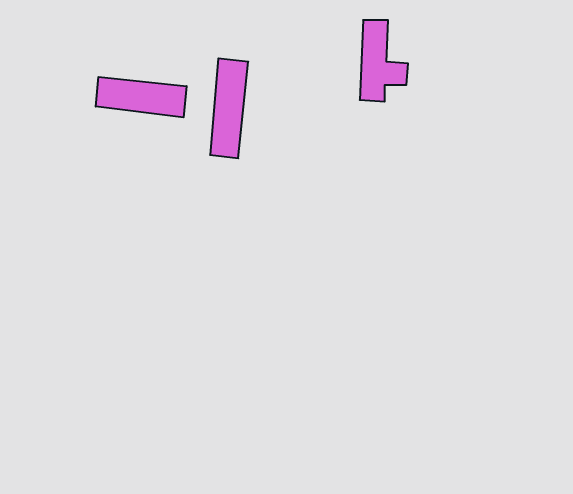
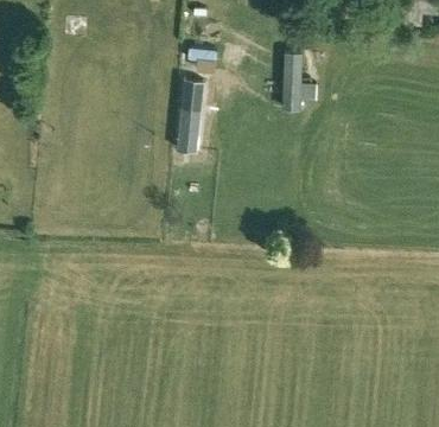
building: [96,77,187,117] -> none

